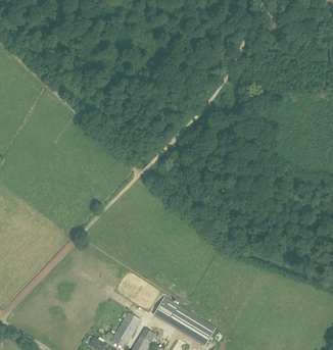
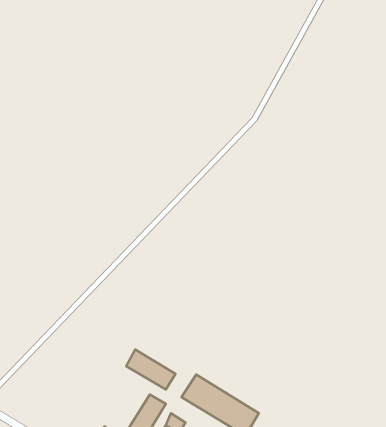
building: none -> [126,349,176,389]

